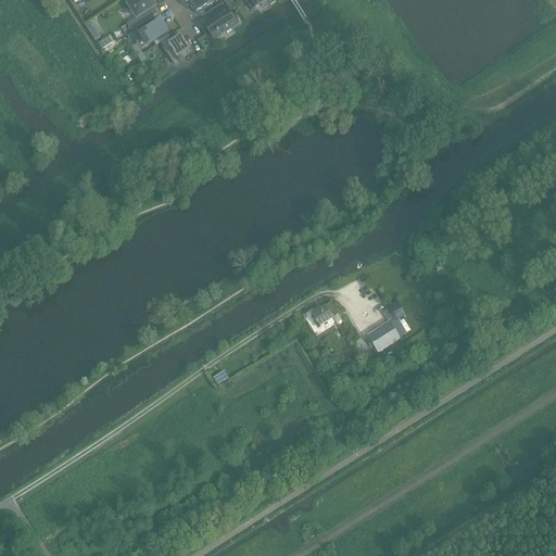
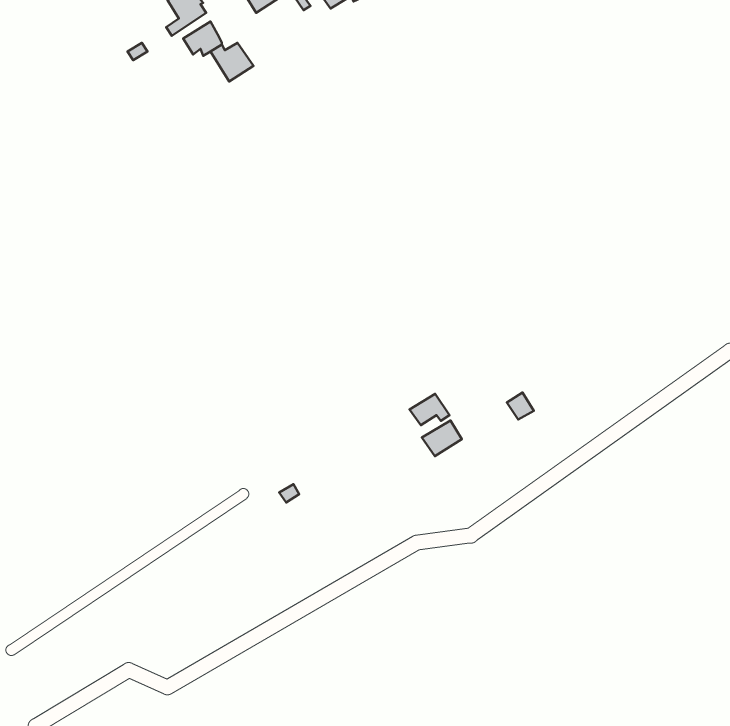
building: [205,5,236,34] -> none
building: [367,320,397,348] -> [422,420,462,456]

